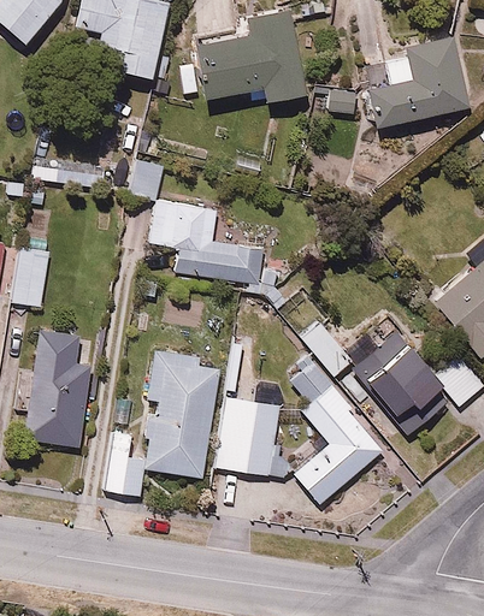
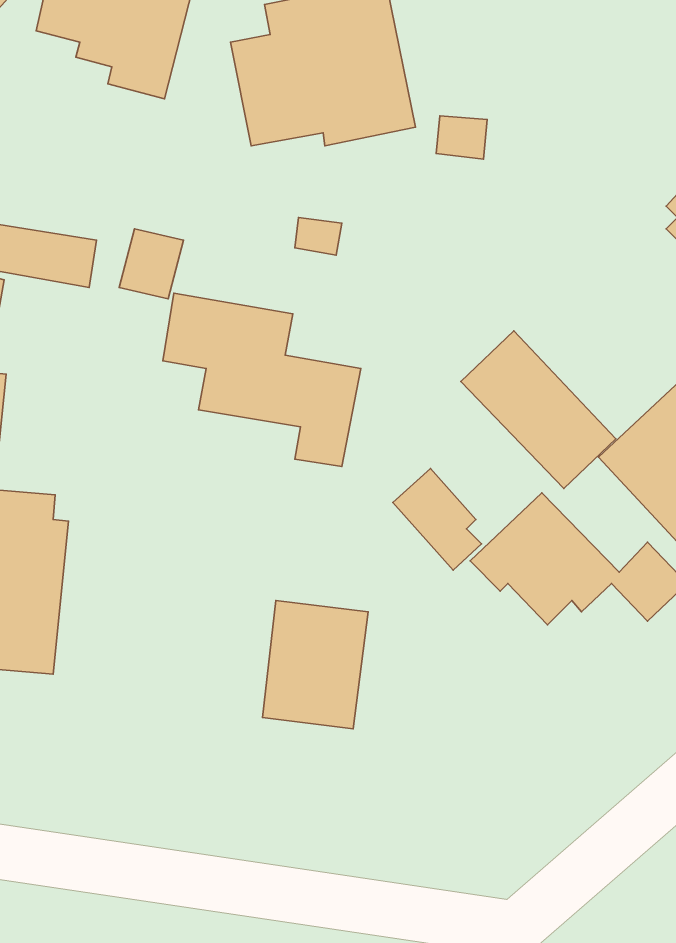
building: [365,29,472,125] -> none
building: none -> [461,331,616,489]
building: [102,353,218,496] -> none
building: [288,353,384,504] -> none

